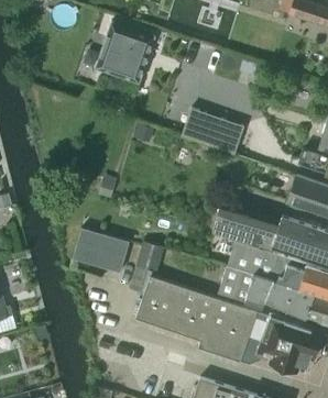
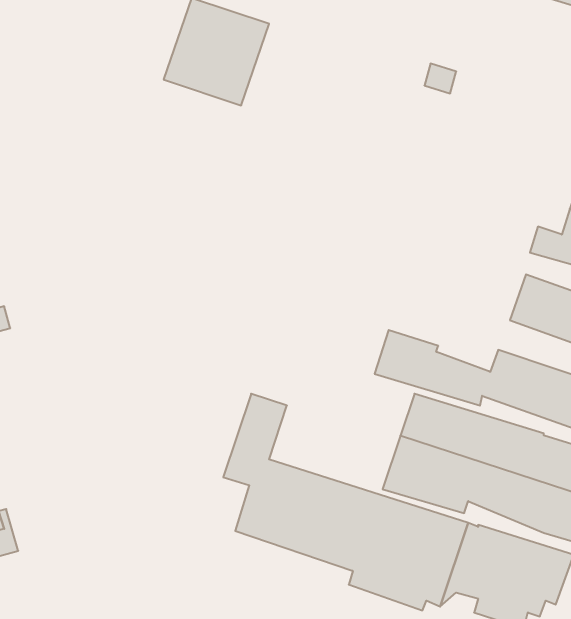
building: [181,107,243,152] -> none
building: [72,228,128,272] -> none

